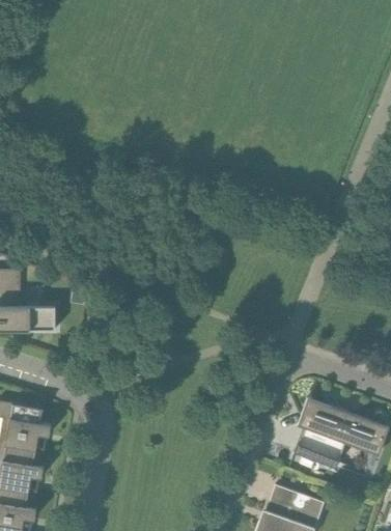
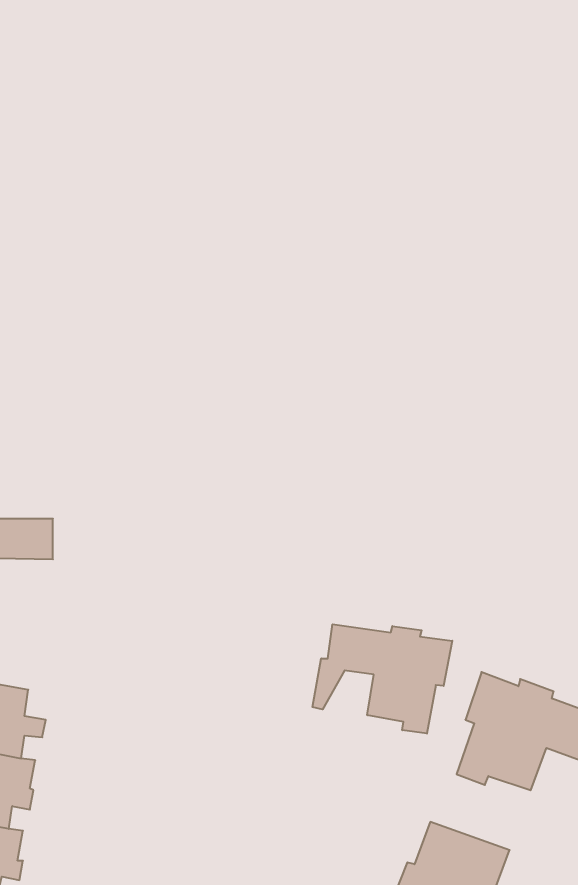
building: none -> [312,624,452,734]

